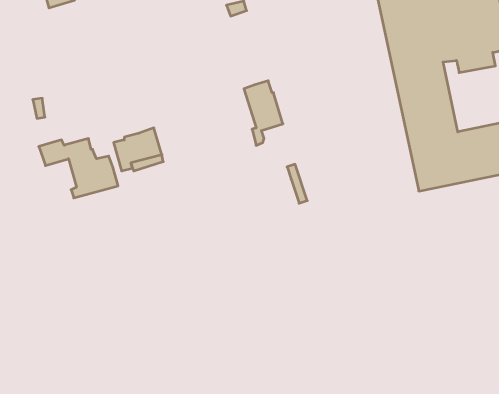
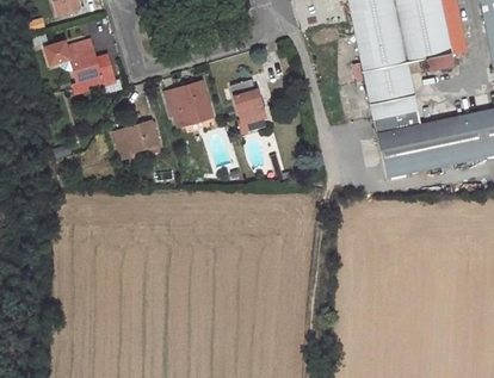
building: none -> [166,80,212,125]
building: [39,139,118,198] -> [44,39,115,92]

